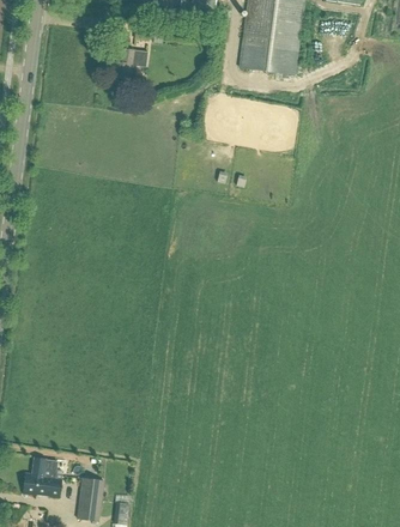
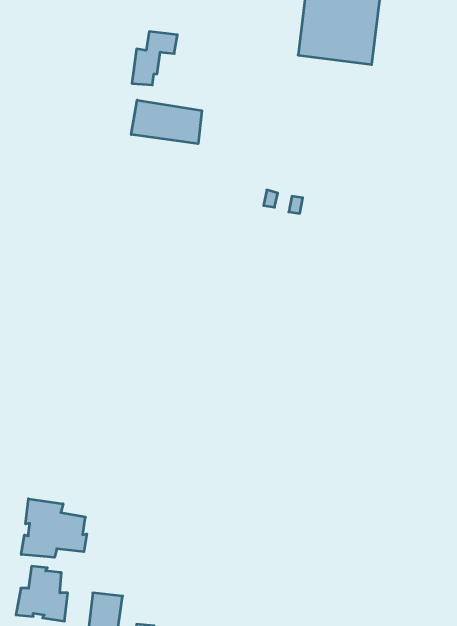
building: none -> [131,100,202,144]
building: none -> [21,499,87,557]

